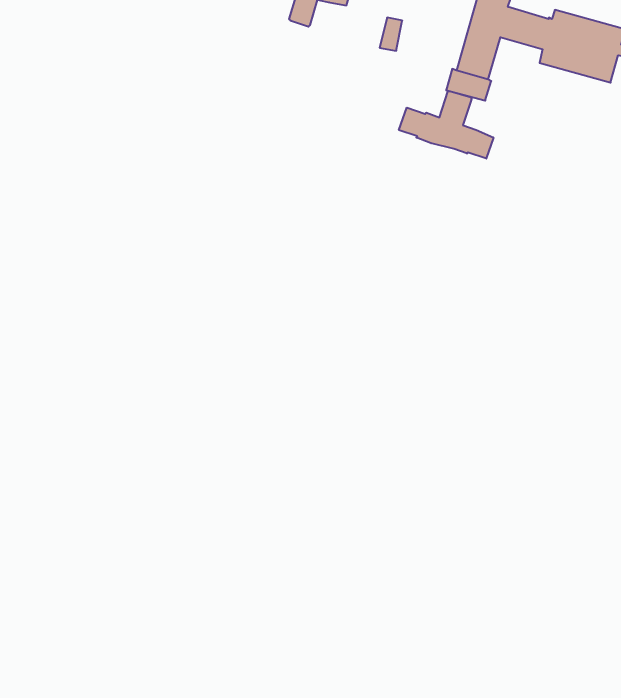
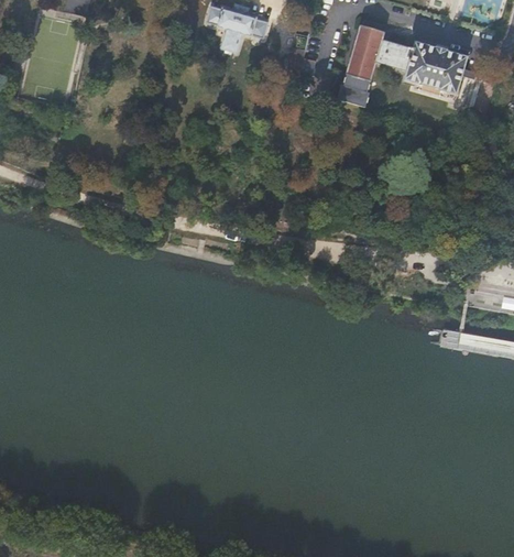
building: [399,91,493,159] -> none

